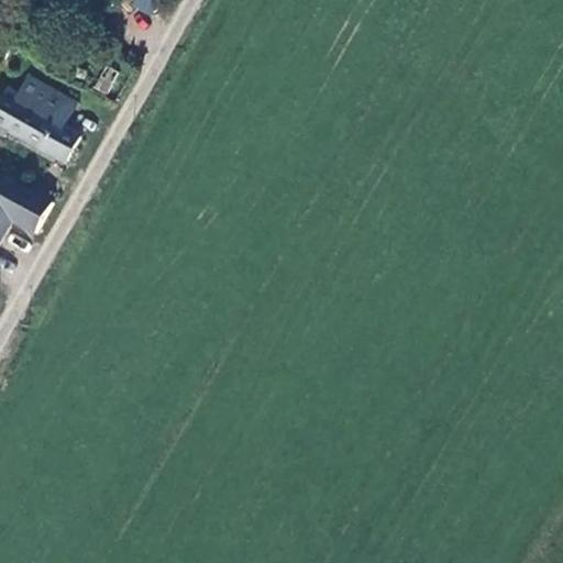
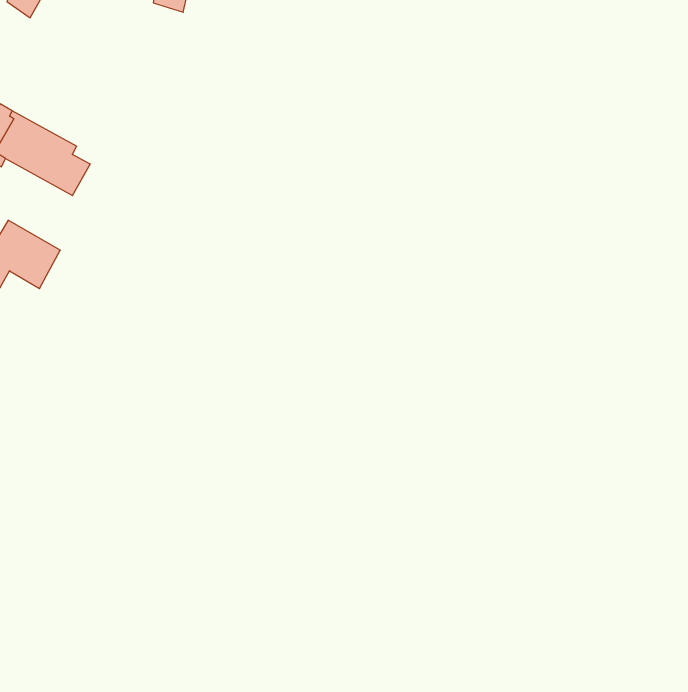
building: [10,69,71,118] -> none

